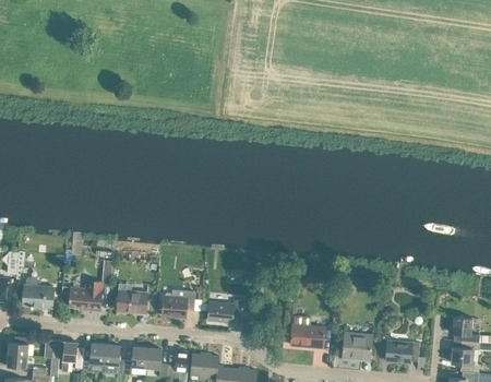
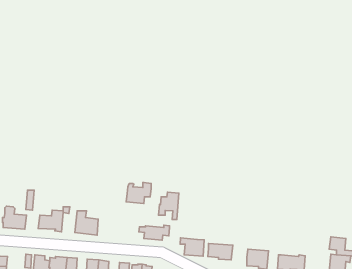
building: none -> [159,192,179,220]
building: [161,290,194,318] -> [126,183,151,203]
building: none -> [180,238,204,256]

